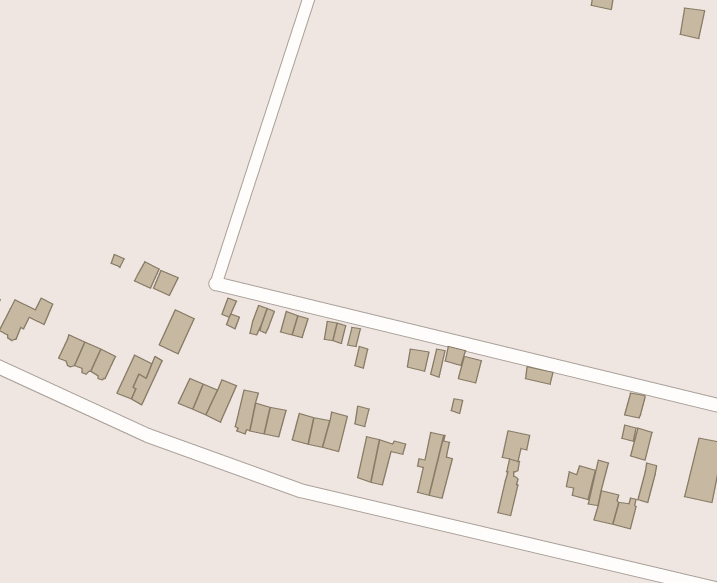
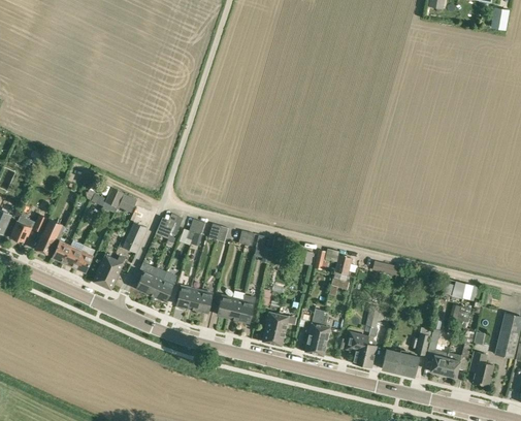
building: none -> [35,219,65,255]
building: none -> [347,332,369,365]
building: none -> [383,349,419,376]
building: none -> [471,352,493,384]

